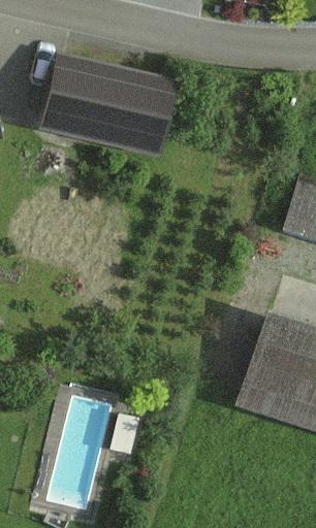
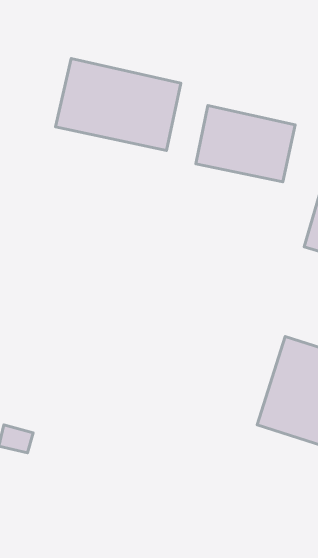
building: none -> [196,106,295,182]

